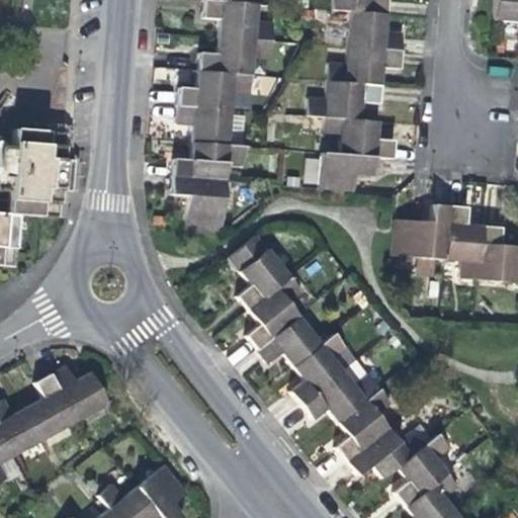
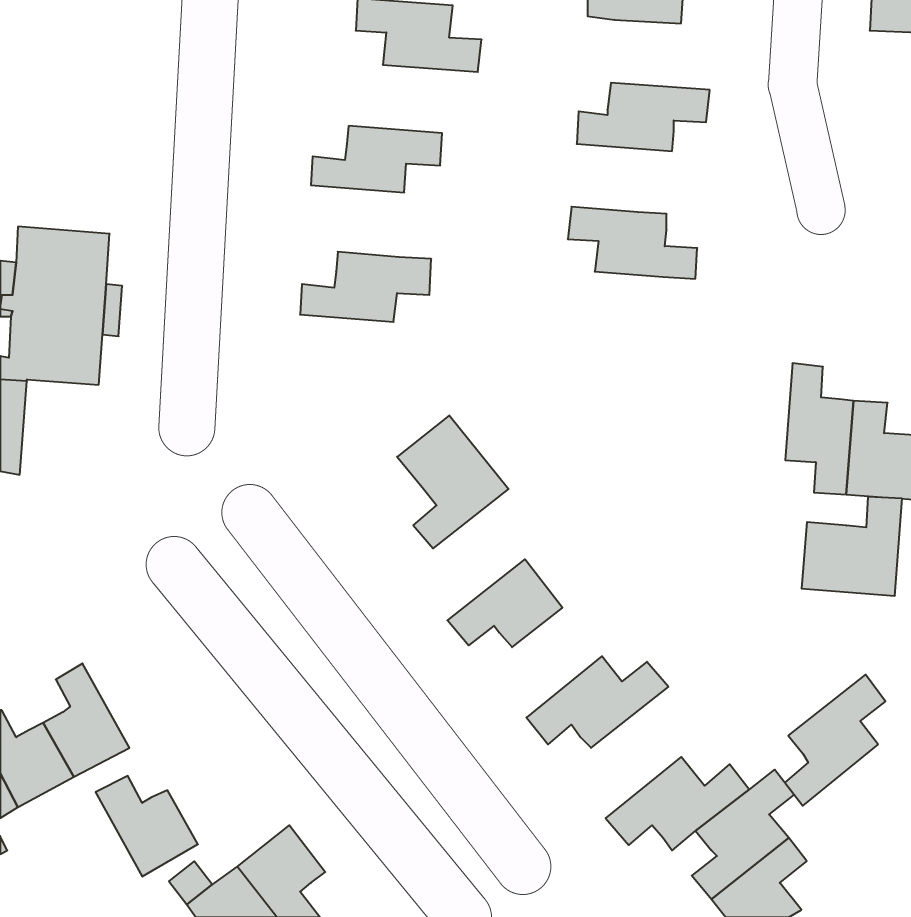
building: [348,11,405,51] -> none
building: [200,36,273,75] -> none
building: [309,81,382,119] -> none
building: [177,104,232,145] -> none
building: [320,152,377,190] -> none
building: [171,177,226,233] -> none
building: [394,203,450,259] -> [802,497,902,596]
building: [247,275,304,349] -> none
building: [289,331,347,404] -> none
building: [51,364,108,421] -> [96,776,198,877]
building: [335,386,392,460] -> [785,675,885,806]

